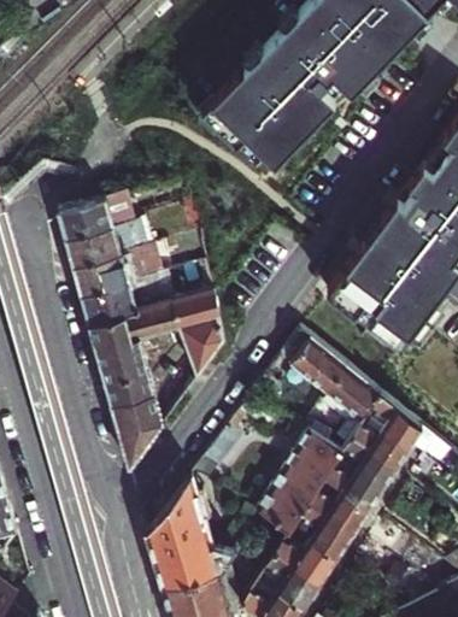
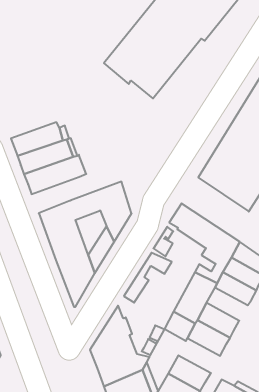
building: [81,277,159,325] -> none
building: [324,457,384,509] -> none
building: [276,528,337,582] -> none

